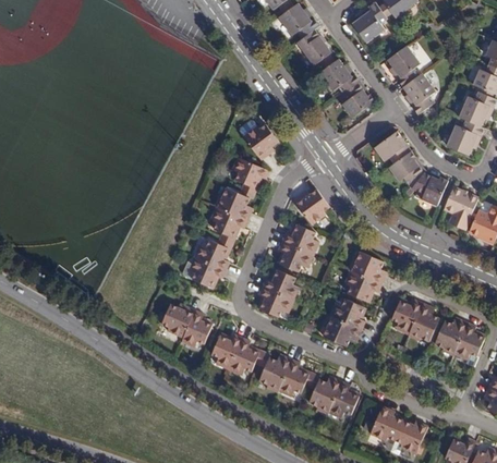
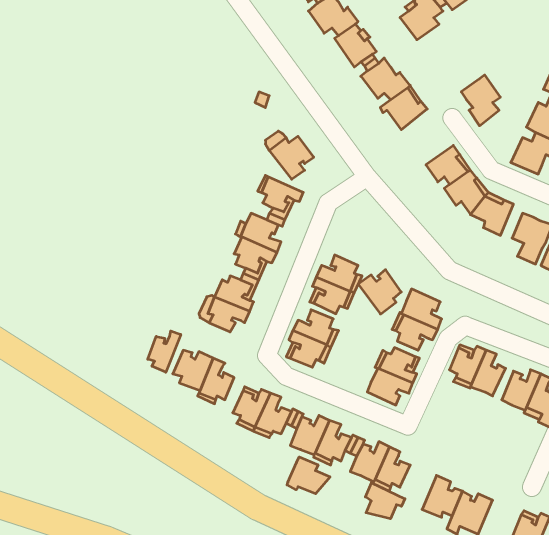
building: [386,46,419,87] -> none
building: [294,187,330,224] -> [358,270,401,314]
building: none -> [148,331,181,372]
building: none -> [287,457,330,494]
building: none -> [365,483,405,519]

